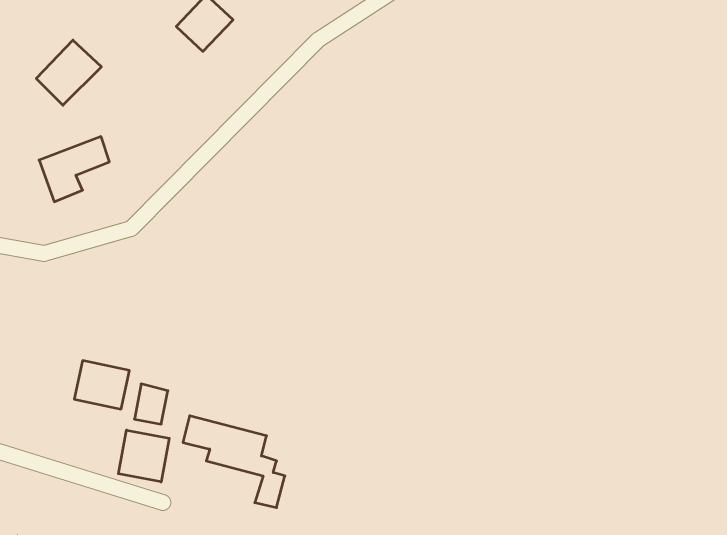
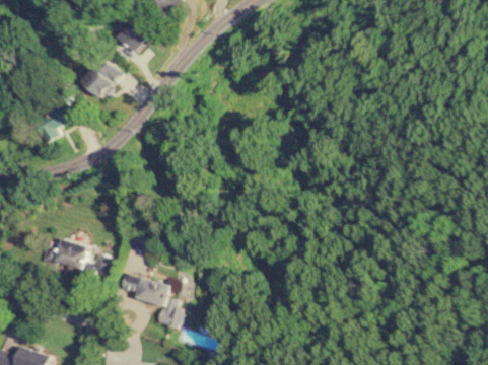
building: [36,40,101,105] -> [81,58,121,97]
building: [118,430,169,482] -> none

